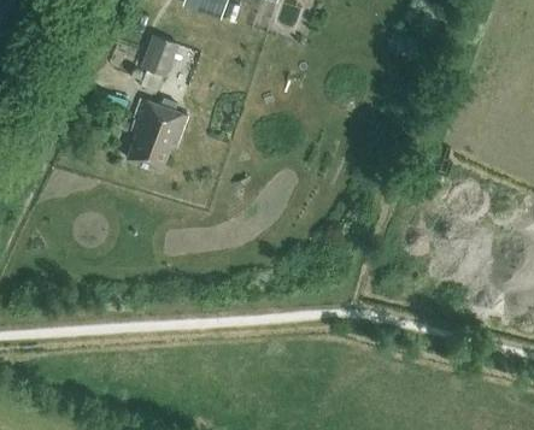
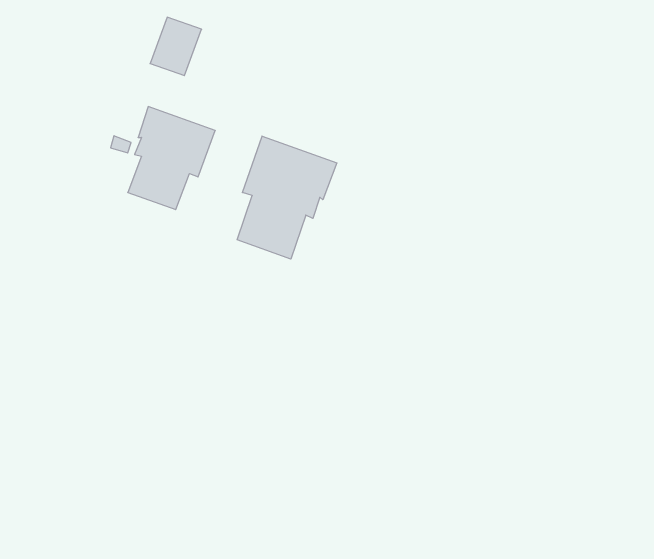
building: none -> [237,136,337,259]

